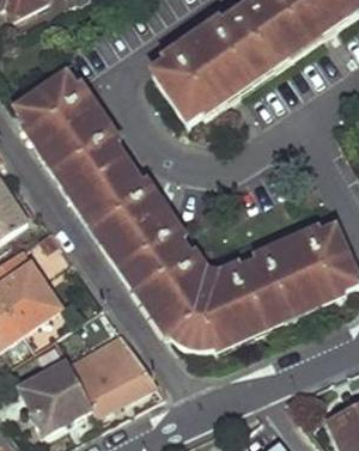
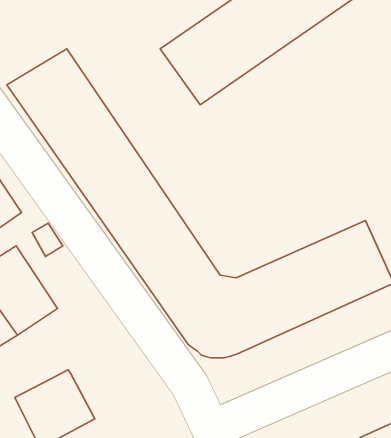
building: [71,336,158,415] -> none

